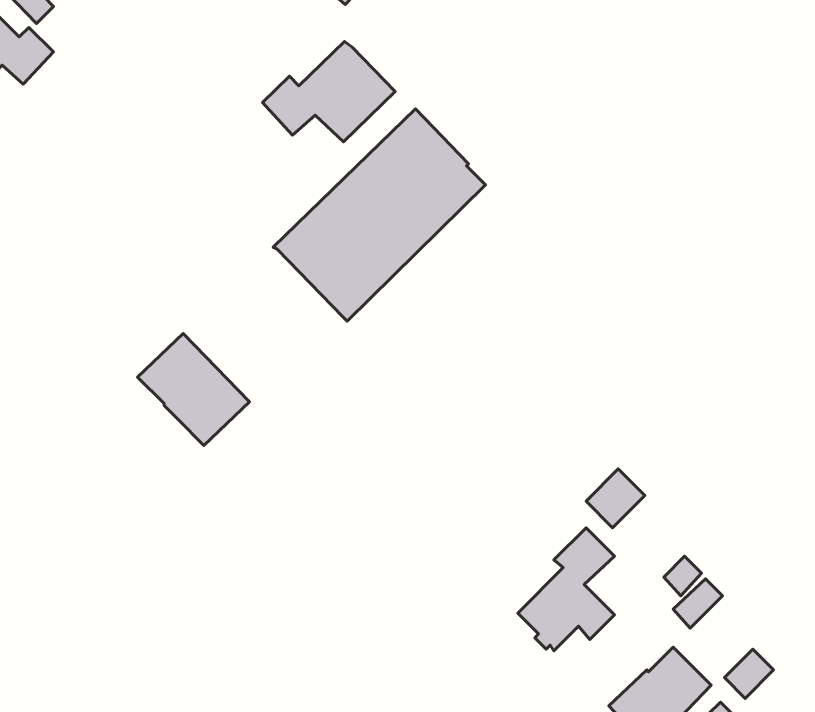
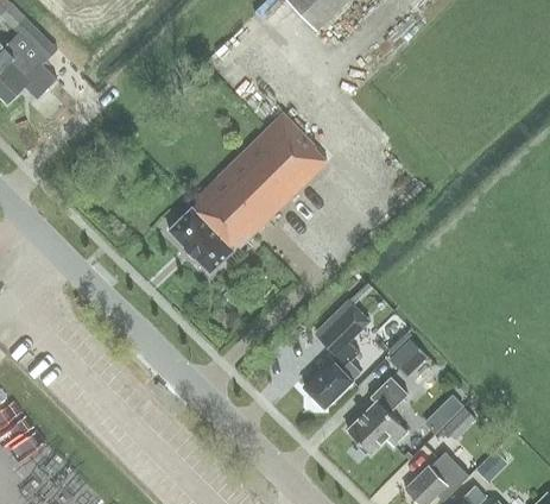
building: [263,41,395,142] -> none
building: [138,334,249,445] -> [167,202,238,272]
building: none -> [303,303,368,408]

